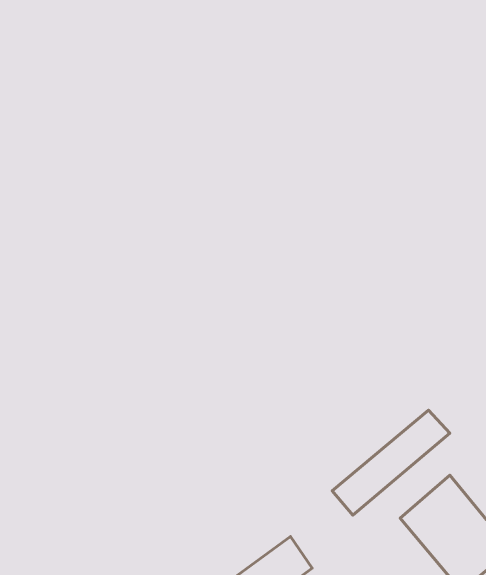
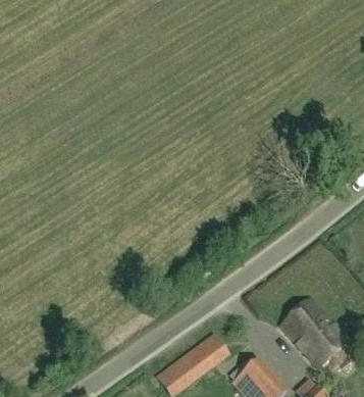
building: [332,410,450,515] -> none

